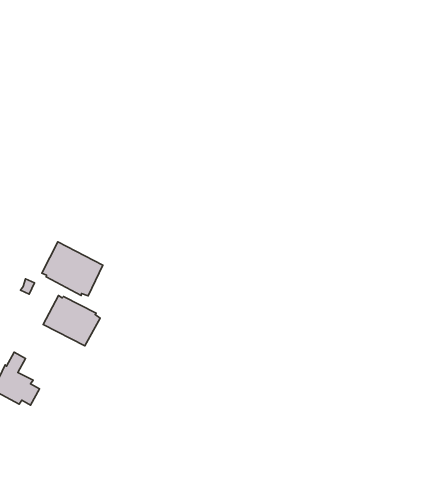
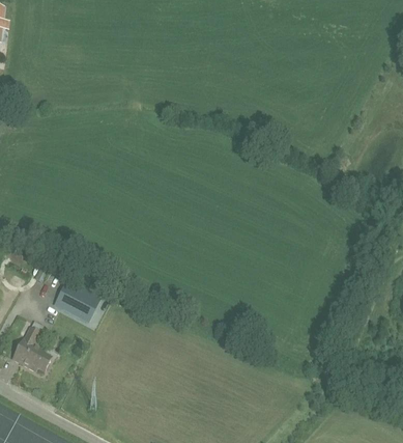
building: [42,242,103,296] -> none

